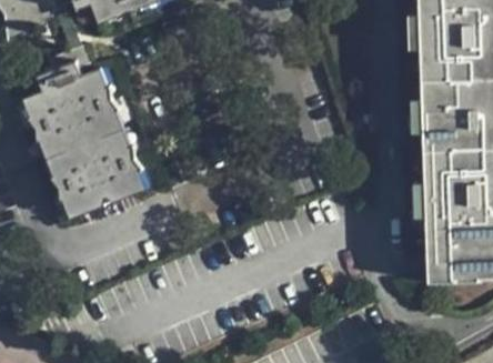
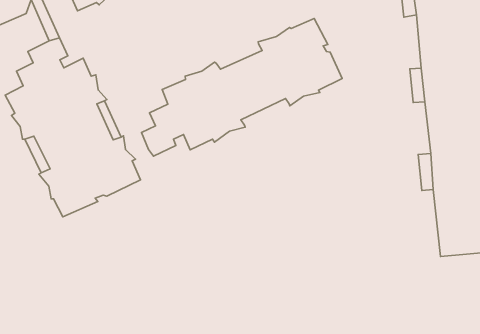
building: none -> [141,18,342,156]

